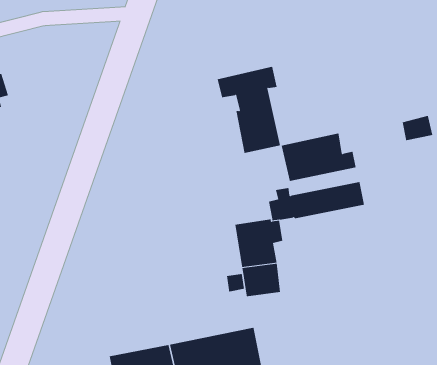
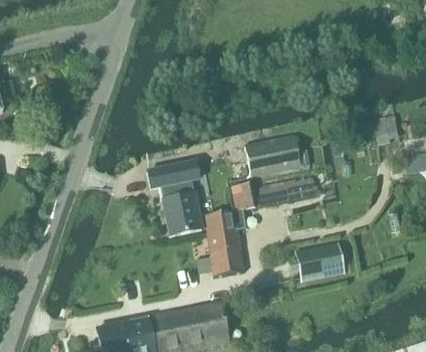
building: [217,66,281,154] -> [148,160,203,235]
building: none -> [295,241,345,281]

